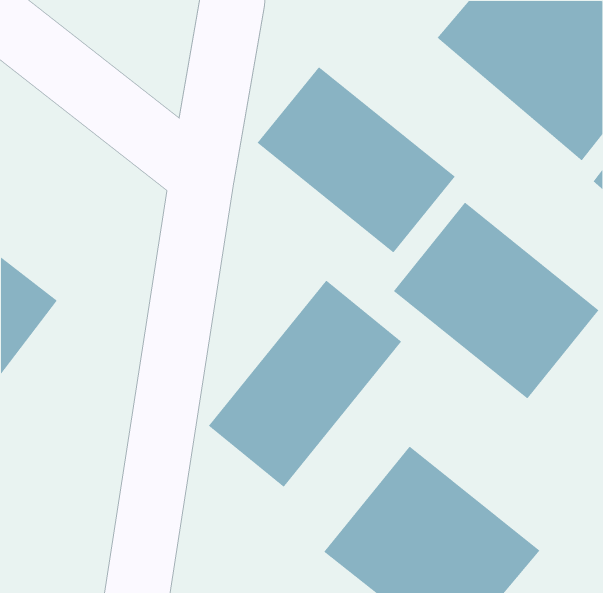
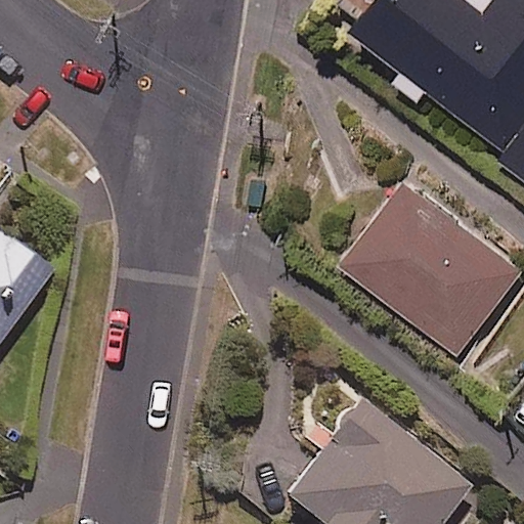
building: [256,66,456,253] -> none
building: [208,279,402,488] -> none

